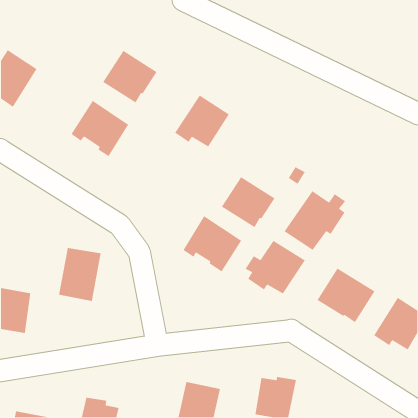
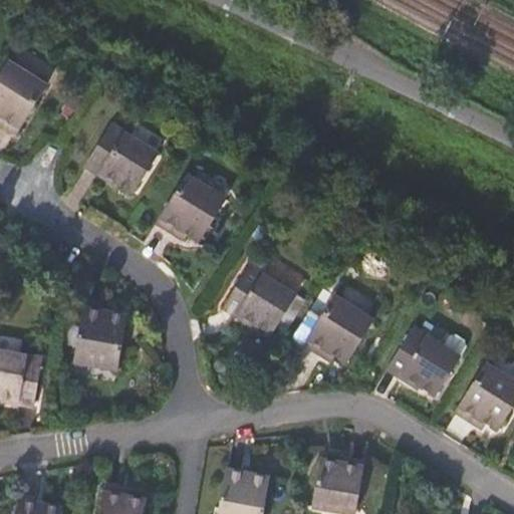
building: [102,50,157,104] -> none
building: [174,94,230,148] -> [156,176,224,241]
building: [221,176,275,228] -> none
building: [284,190,346,251] -> none

